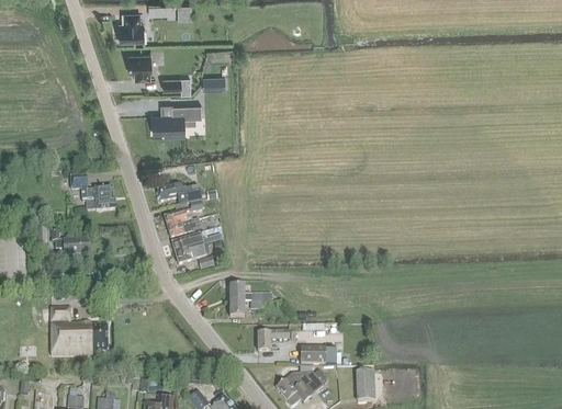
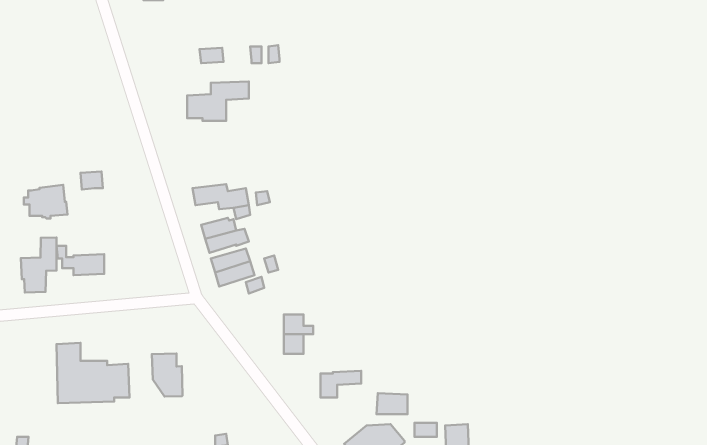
building: [130,53,151,79] -> none
building: [82,184,116,211] -> [24,185,68,219]
building: none -> [21,237,57,293]
building: none -> [152,353,183,396]

